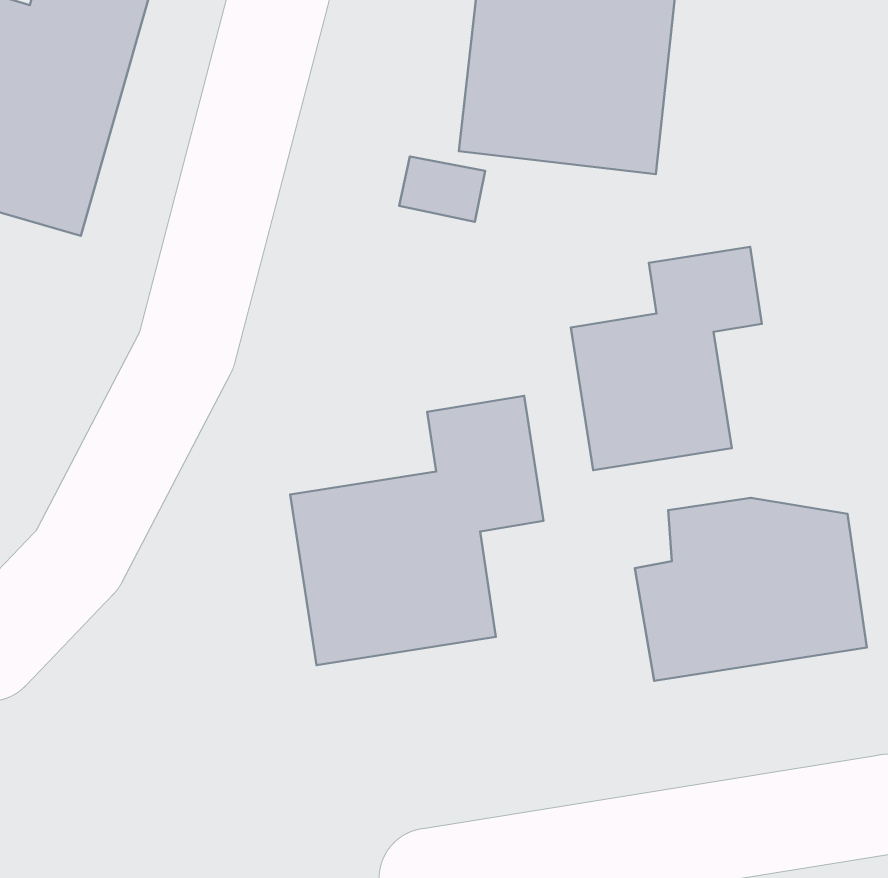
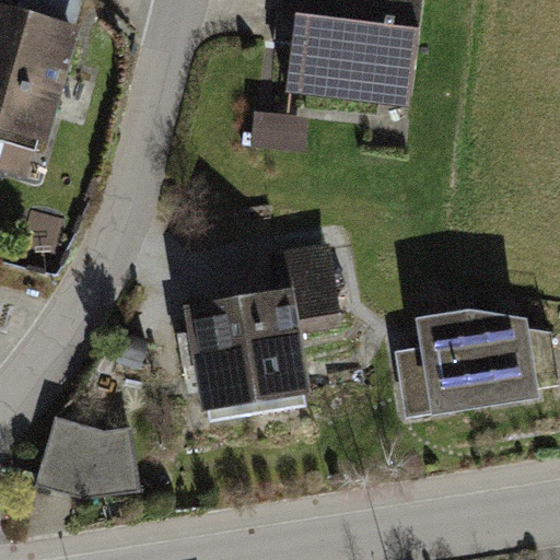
building: [571,247,762,470] -> none
building: none -> [42,409,133,479]

